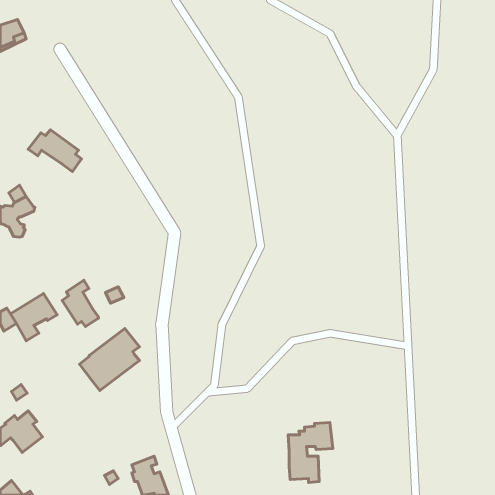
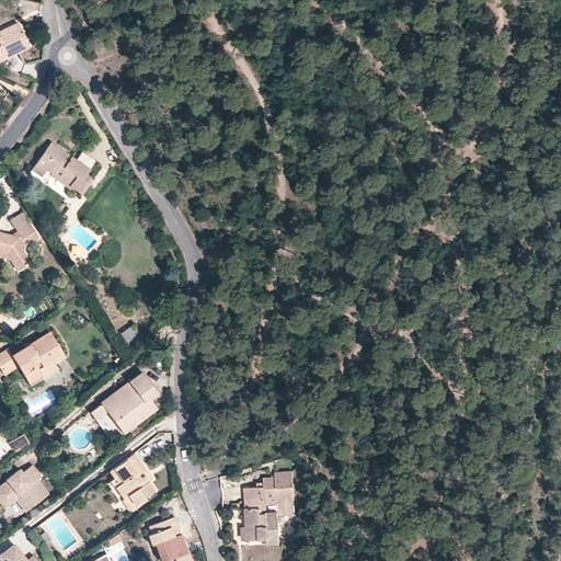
building: [62,280,99,326] -> none
building: none -> [111,453,157,512]
building: [288,422,333,482] -> [244,474,295,542]

